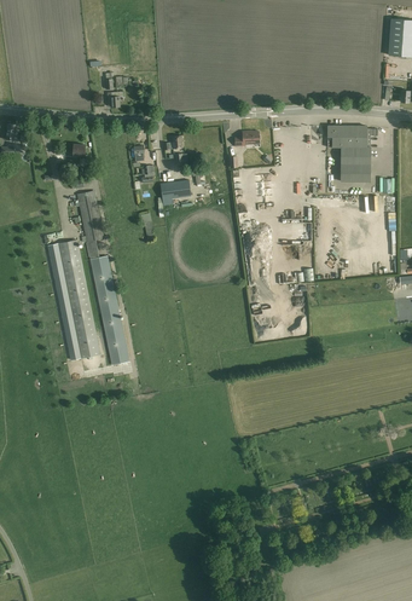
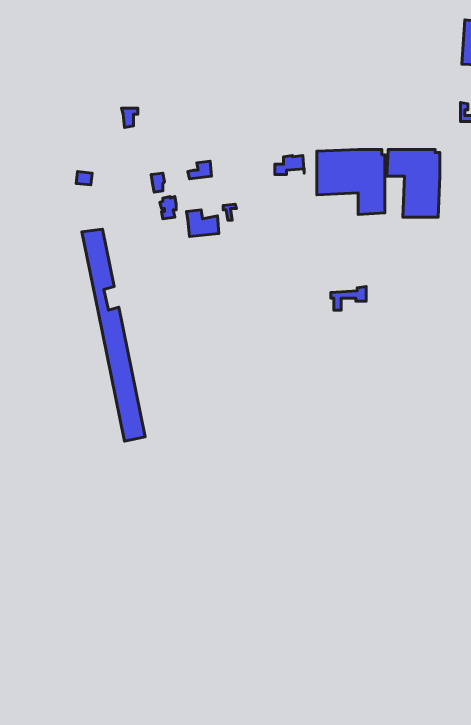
building: none -> [317,149,385,215]
building: [50,239,100,360] -> none

